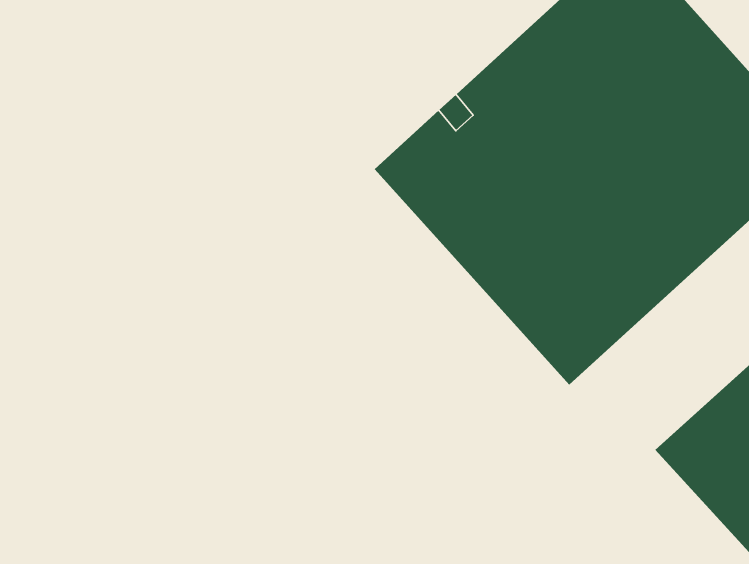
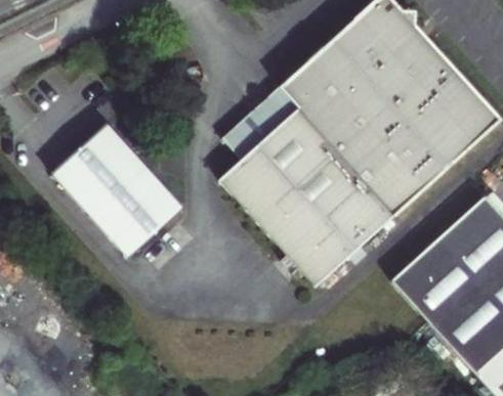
building: none -> [220,126,349,282]
building: none -> [60,132,193,266]

